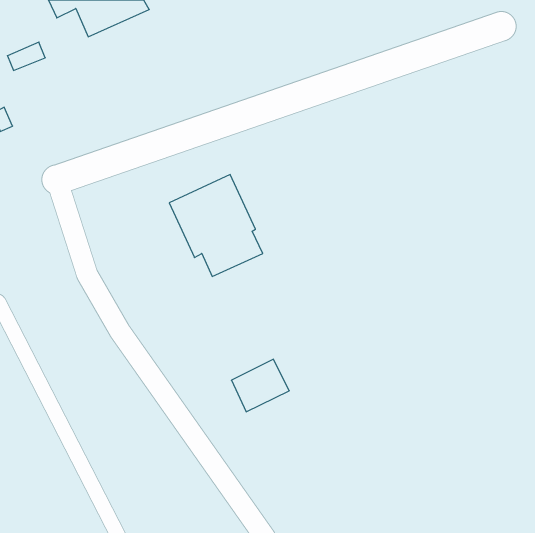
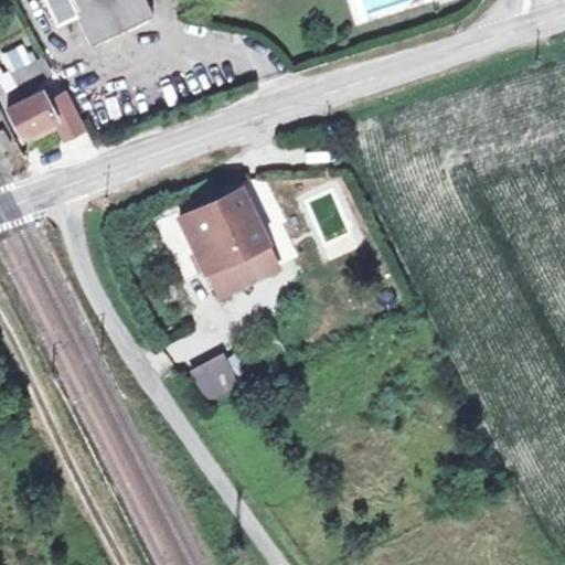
building: none -> [6,76,78,128]
building: [231,359,289,412] -> [186,351,247,406]

